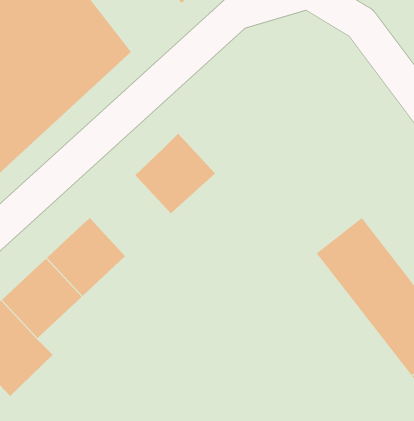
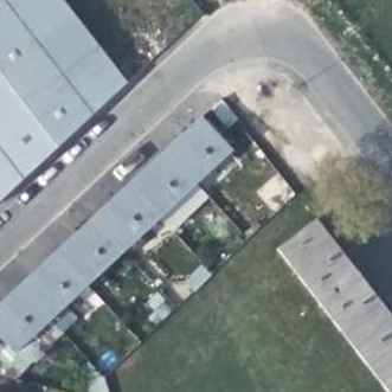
building: none -> [165,115,231,182]
building: none -> [92,184,159,250]

